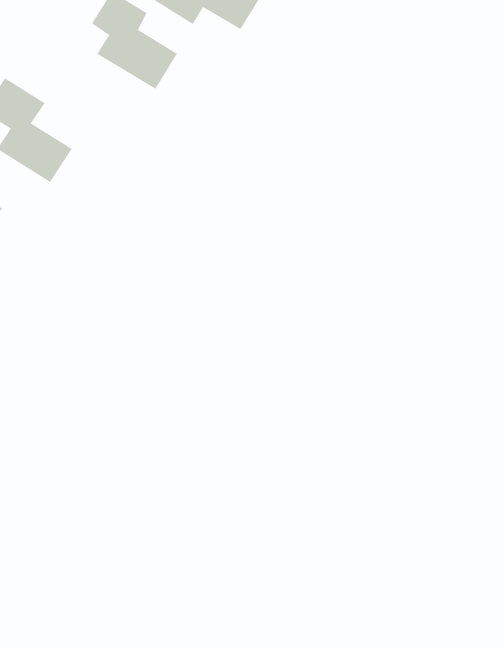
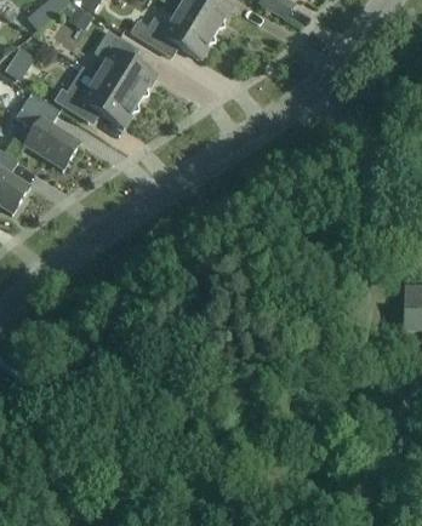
building: none -> [55,74,139,126]

